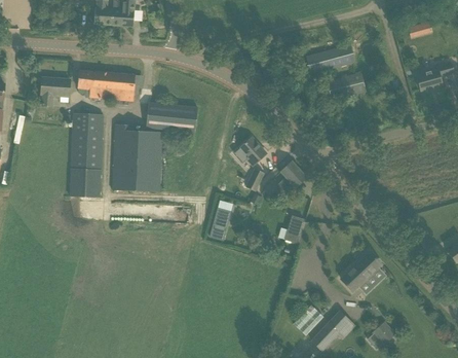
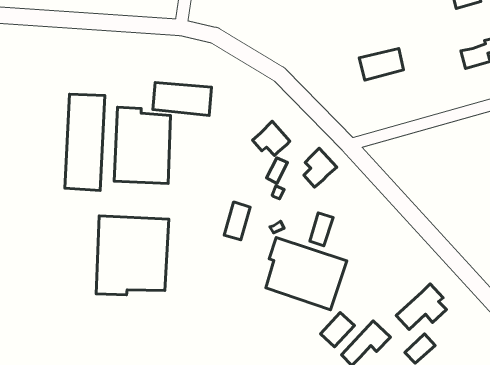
building: [306,44,355,74] -> none
building: [77,70,136,101] -> none
building: [41,78,70,106] -> none
building: none -> [96,216,169,295]
building: none -> [266,238,347,310]
building: [341,251,385,291] -> [396,284,447,330]

